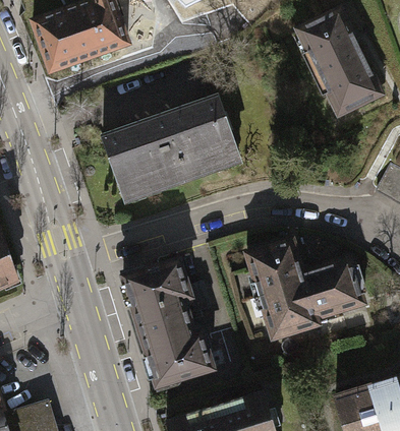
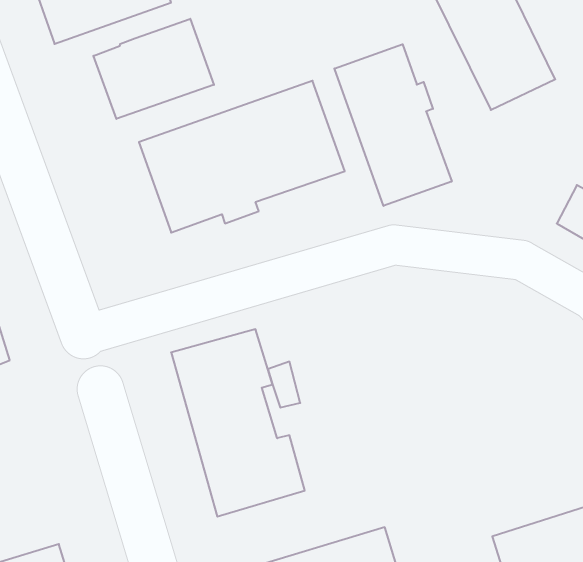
building: none -> [93,19,214,119]
building: none -> [334,44,452,206]
building: [245,239,364,340] -> none

